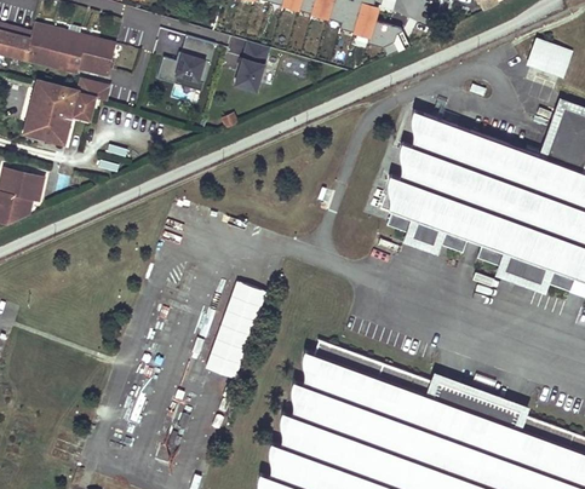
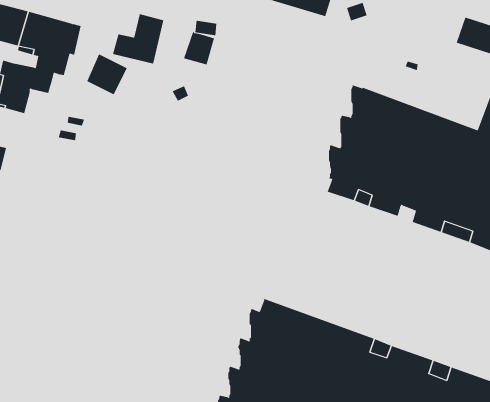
building: none -> [86,53,127,95]
building: [206,278,266,378] -> none

